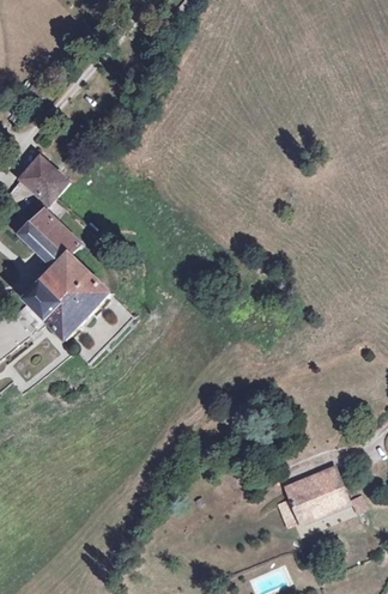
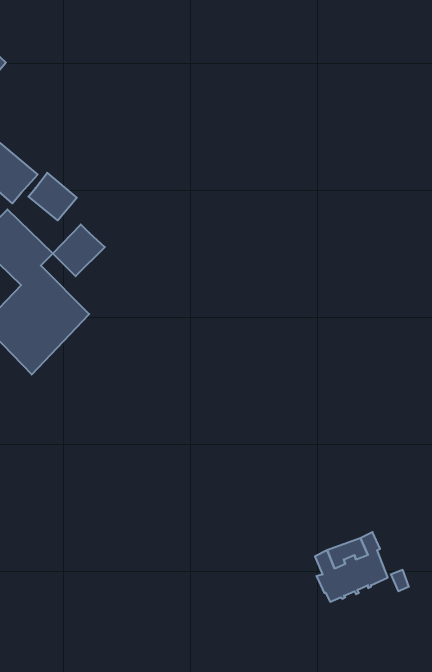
building: none -> [28,173,77,220]
building: none -> [53,224,105,276]

